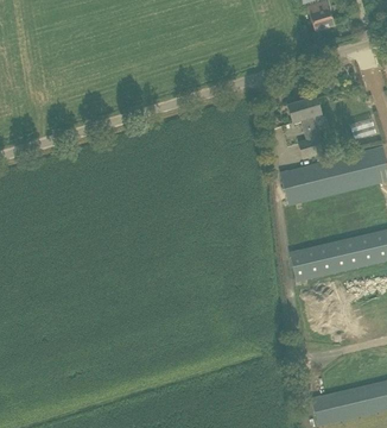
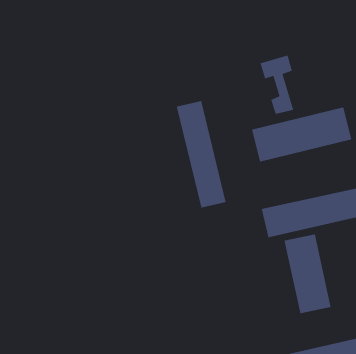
building: none -> [176,100,227,209]
building: none -> [284,233,331,314]

